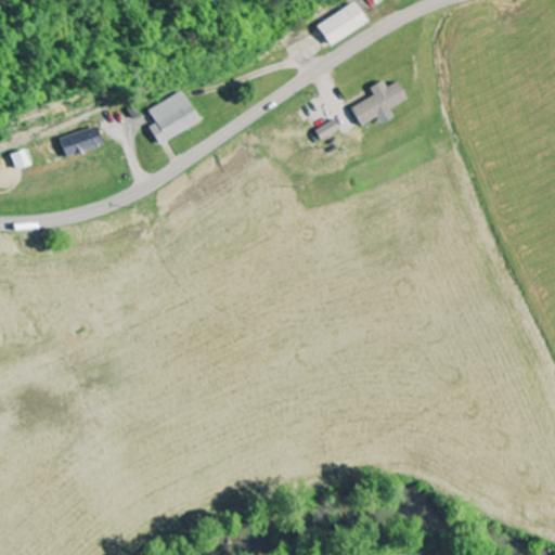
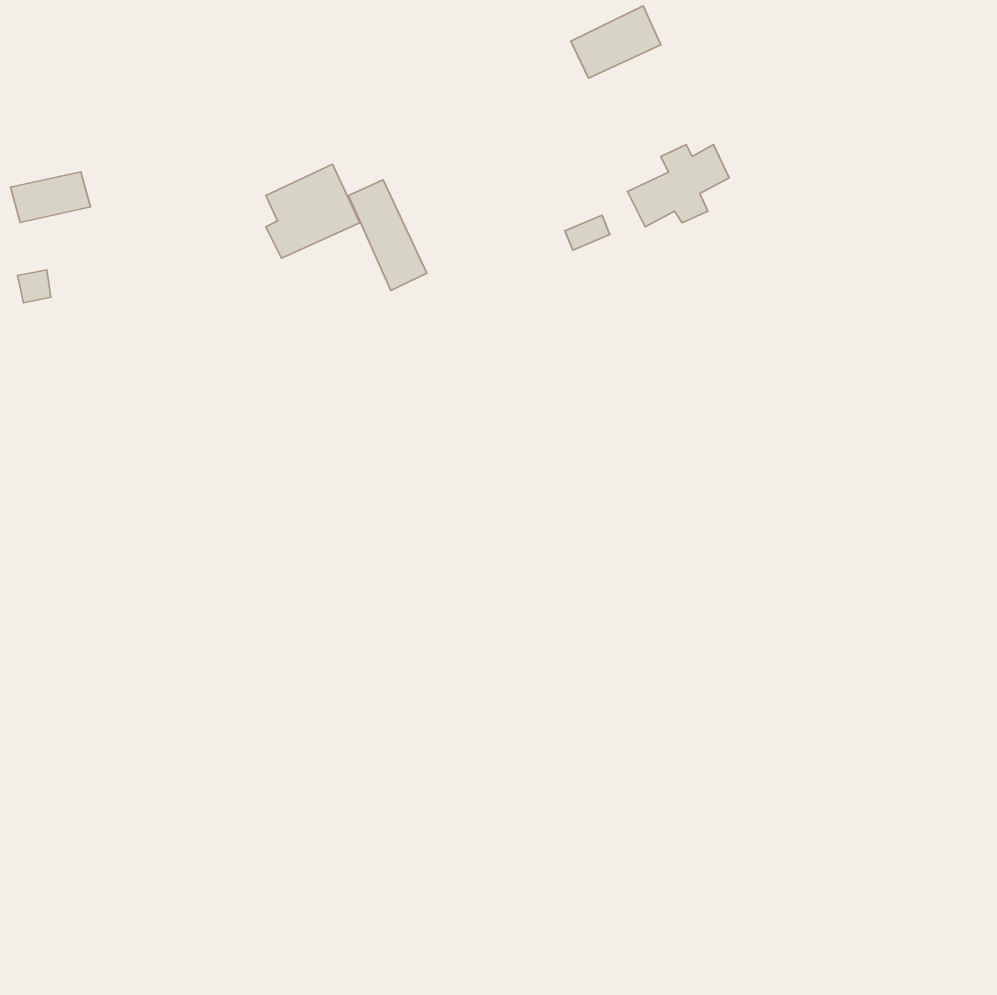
building: none -> [348,180,427,290]
building: [60,127,104,155] -> [10,172,91,223]

